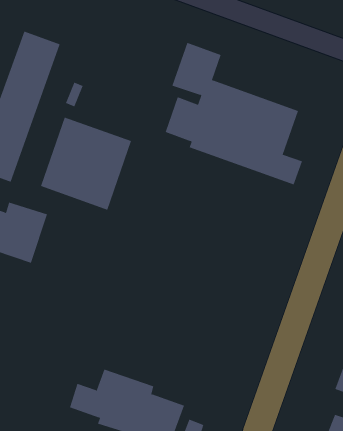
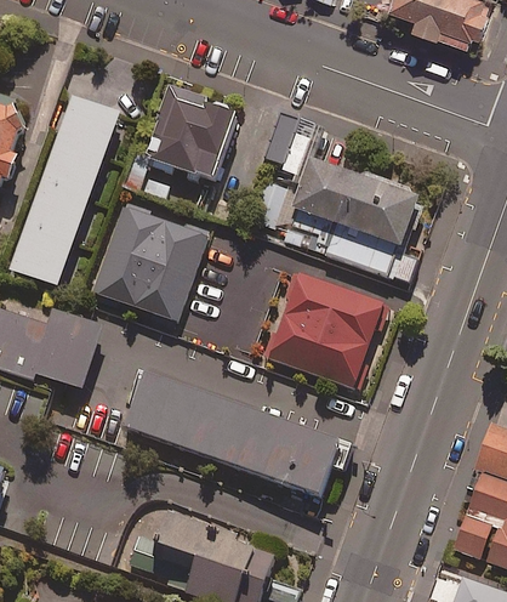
building: none -> [146,84,234,177]
building: none -> [266,269,382,387]
building: none -> [126,373,347,500]

